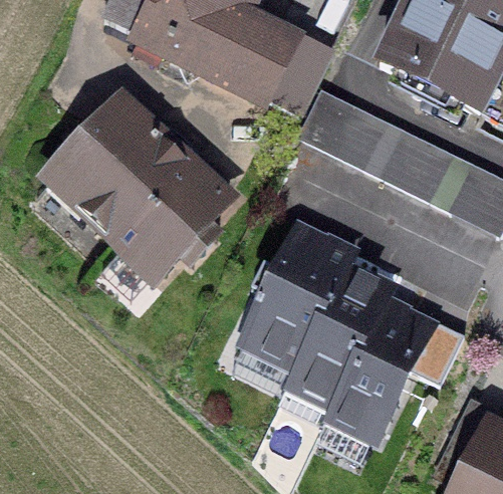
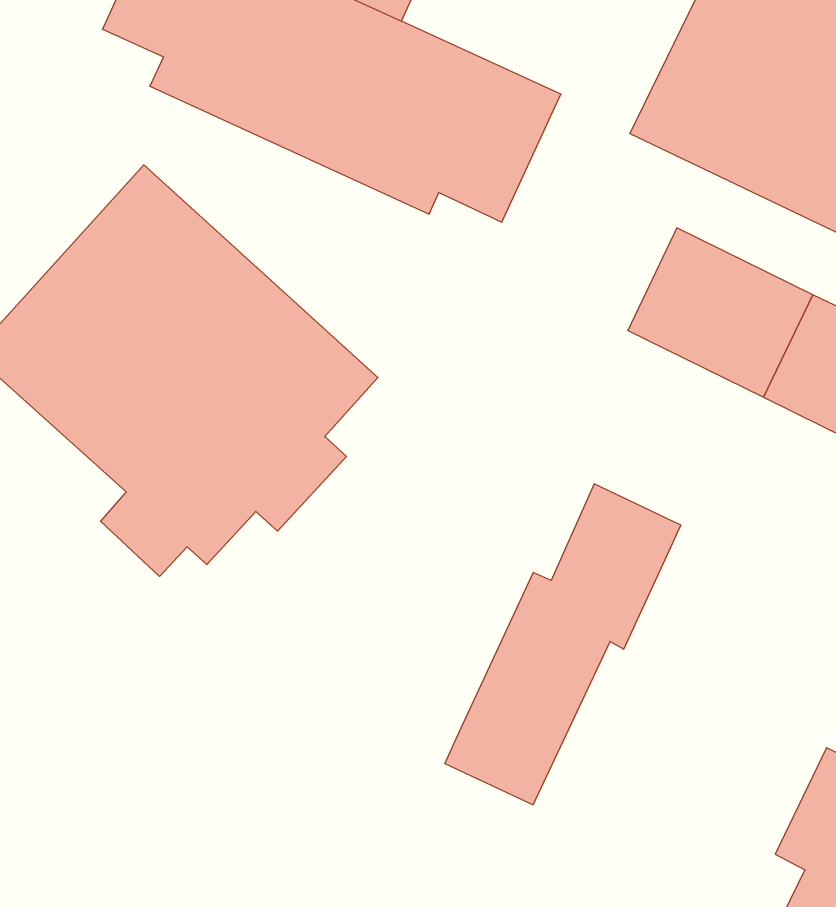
building: [297,85,395,173] -> none
building: [233,207,359,383] -> none
building: [314,285,440,453] -> none

